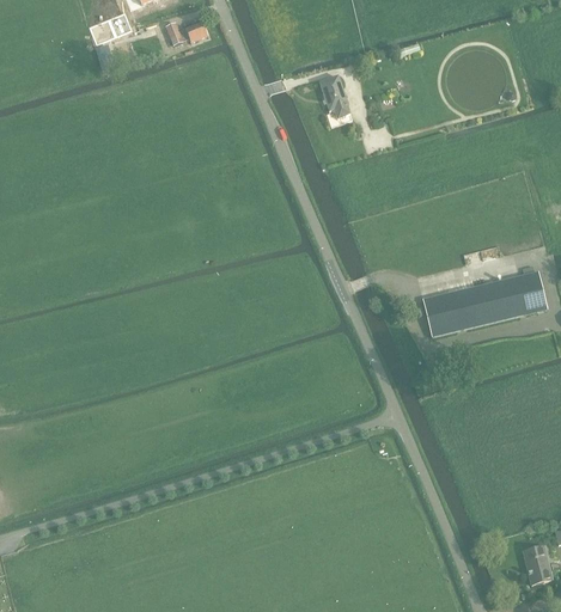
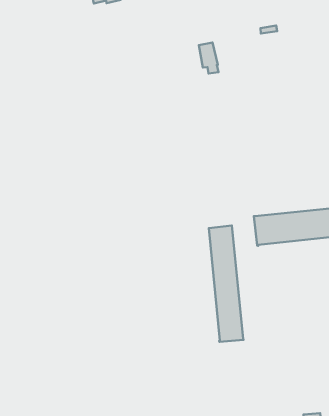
building: none -> [209,225,244,342]

